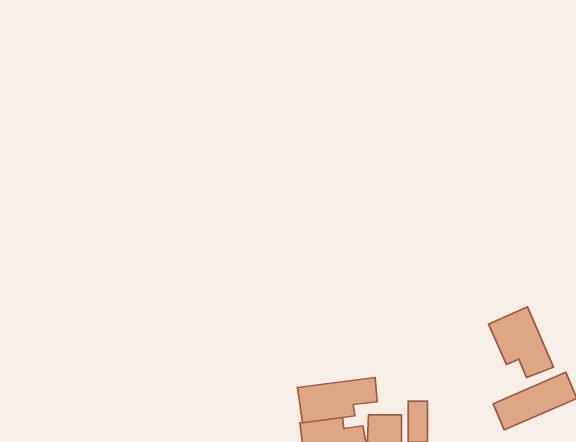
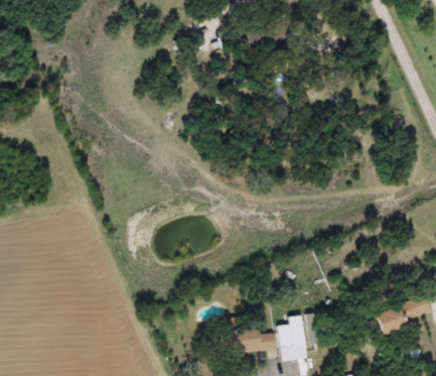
building: [489,307,553,378] -> none
building: [297,377,377,423] -> none

